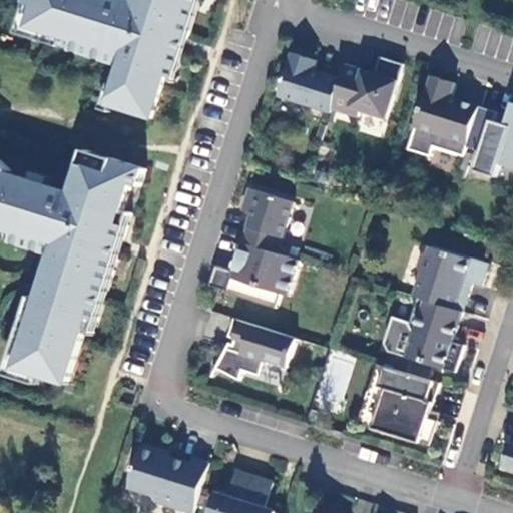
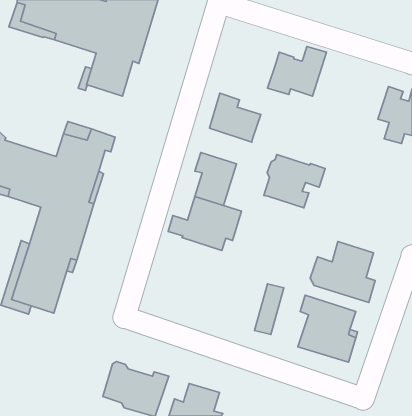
building: [276,52,339,112] -> [209,93,261,142]
building: [406,75,477,156] -> none
building: [410,245,485,311] -> [264,155,325,208]
building: [213,318,294,380] -> none

